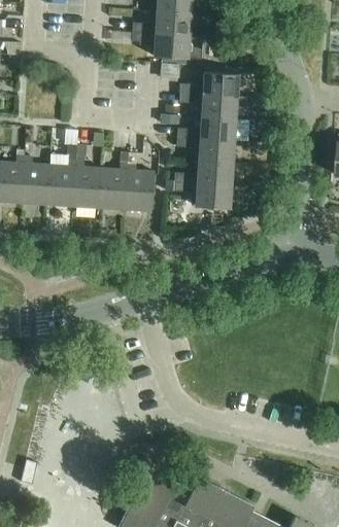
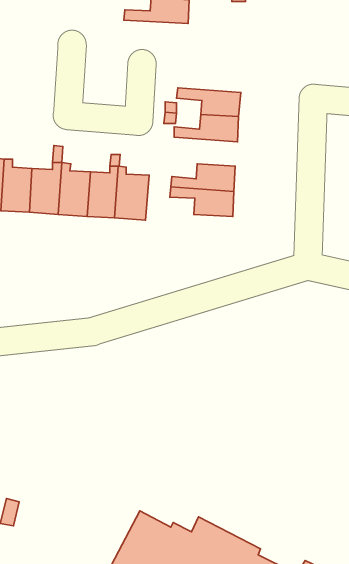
building: [131,32,201,59] -> none
building: [179,71,237,97] -> none
building: [175,137,233,163] -> none

